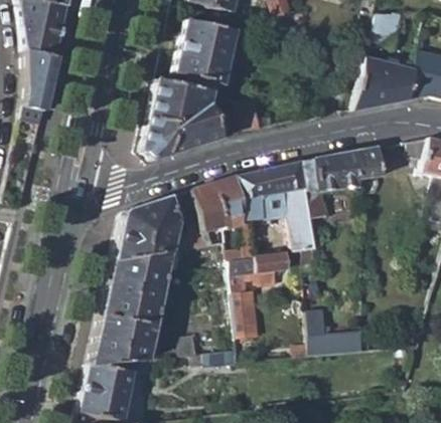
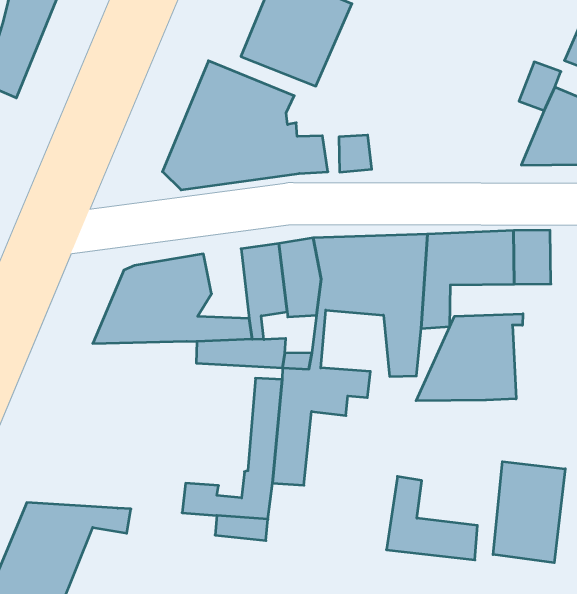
building: none -> [416,314,523,401]
building: [92,250,171,364] -> none
building: none -> [493,462,565,563]

